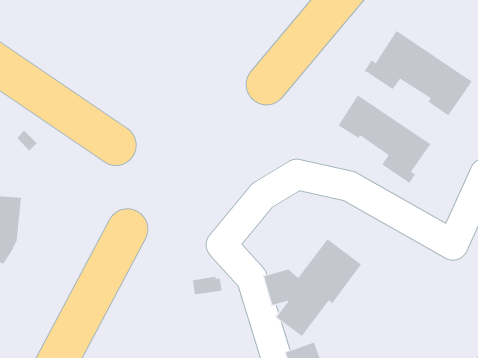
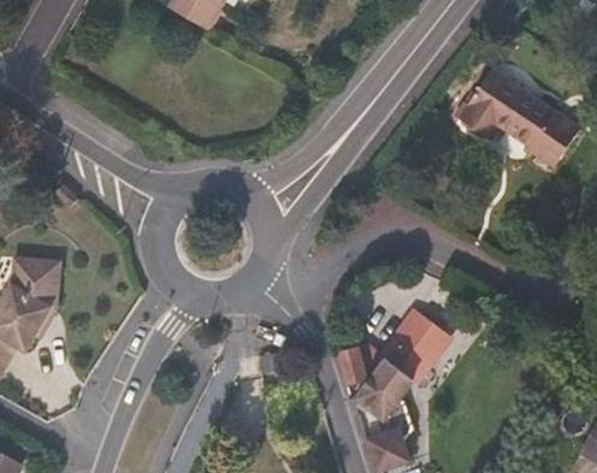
building: [338,95,431,184] -> none

